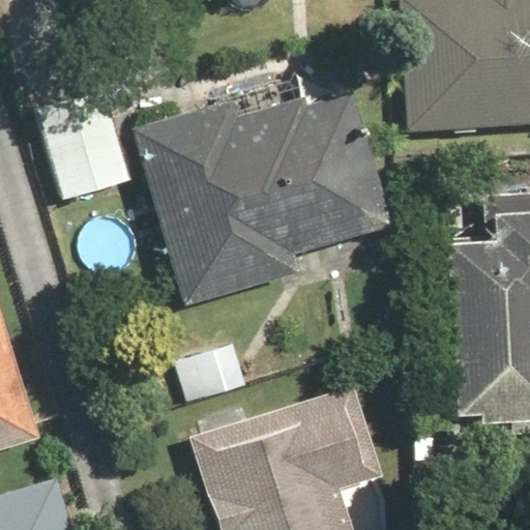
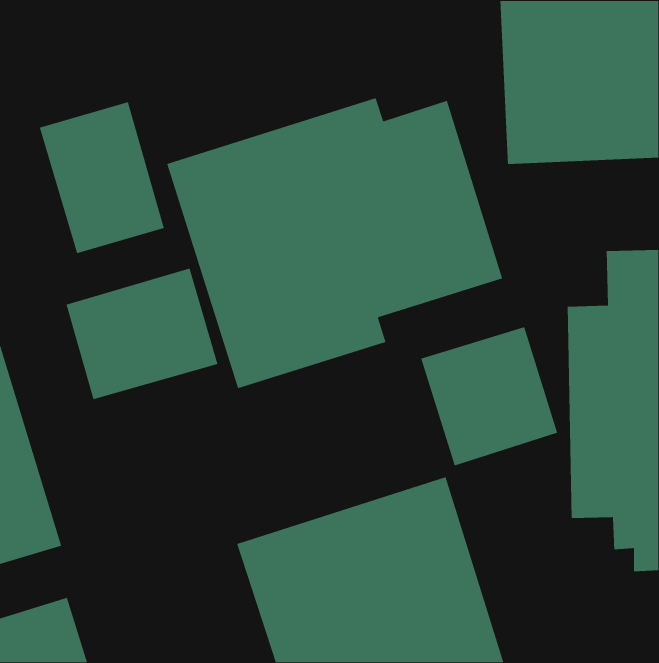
building: none -> [65,267,218,400]
building: none -> [420,326,558,466]

